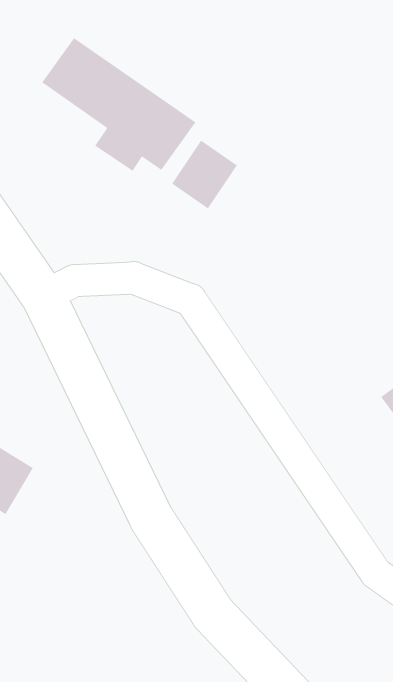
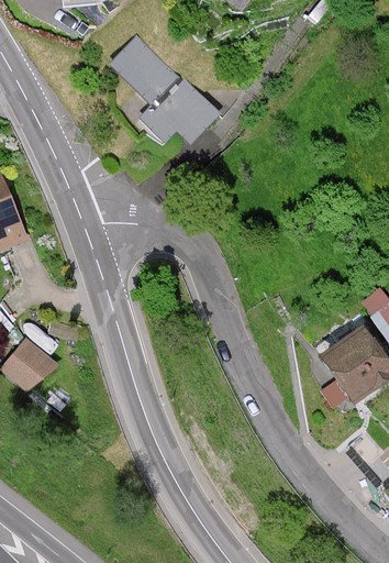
building: [171,140,238,209] -> none

